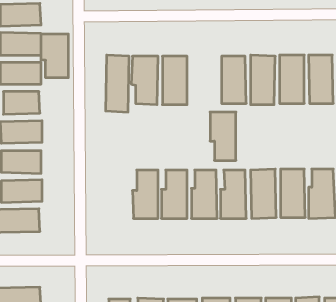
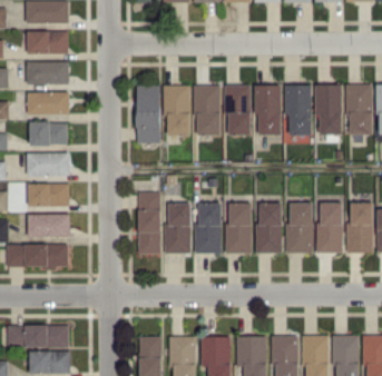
building: [41,34,68,78] -> none
building: [210,112,236,160] -> [224,86,251,136]
building: none -> [137,192,160,254]

